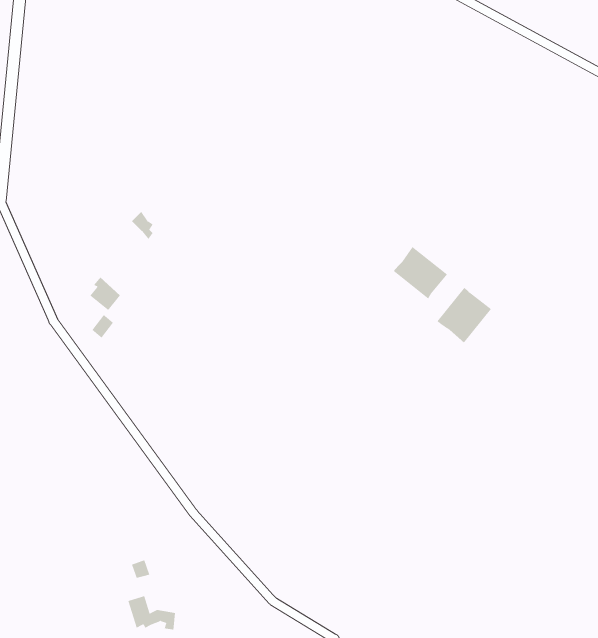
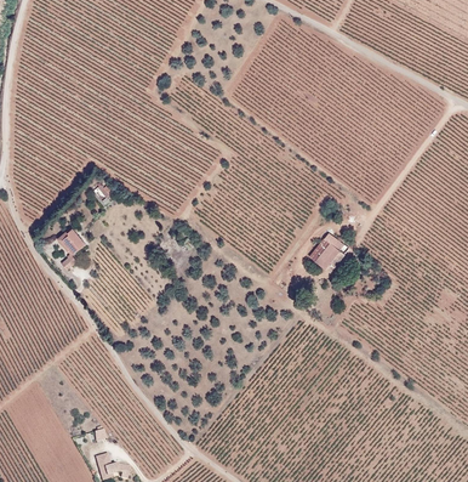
building: [393,246,448,299] -> none

